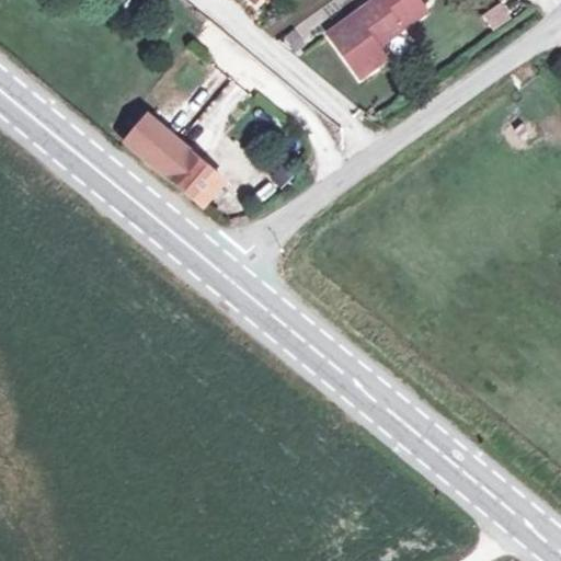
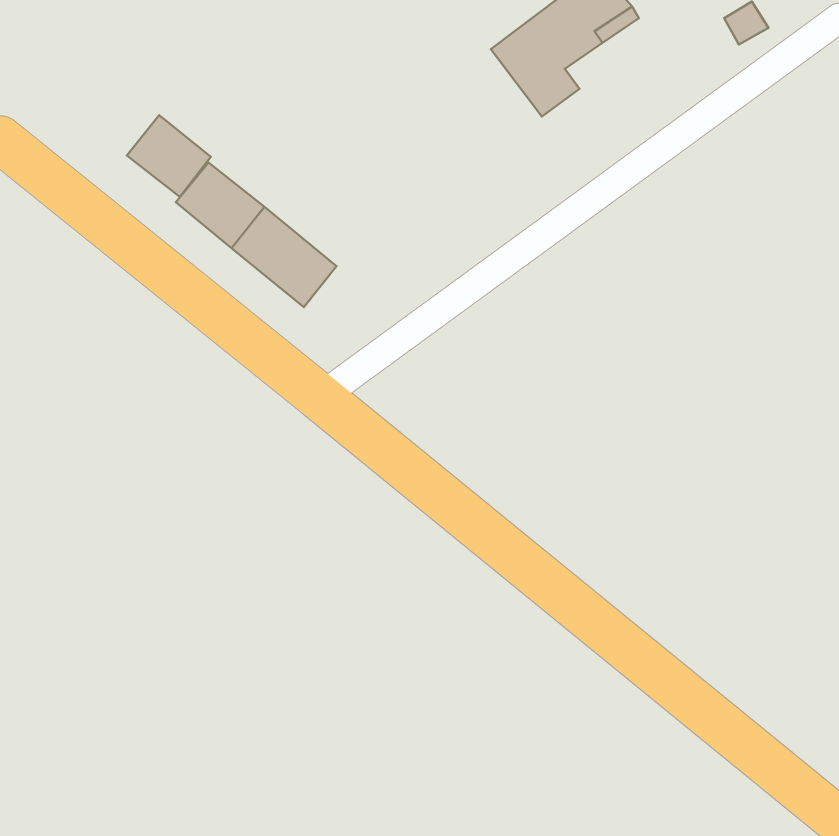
building: none -> [127,115,211,197]

